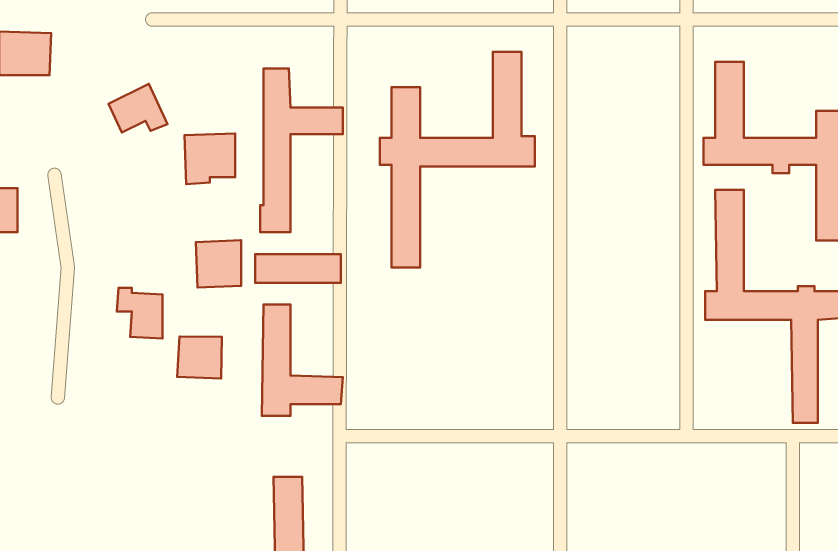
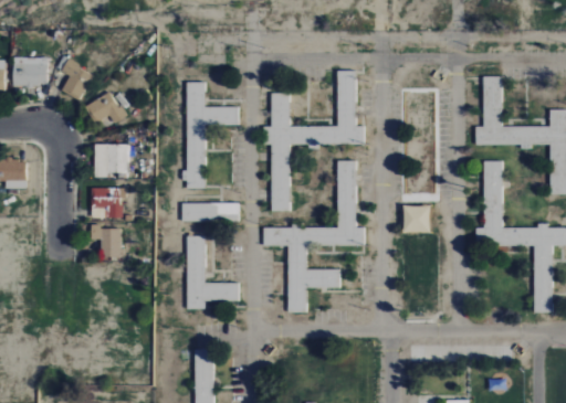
building: none -> [61,57,95,99]
building: [185,133,235,184] -> [94,144,127,177]
building: none -> [263,160,365,312]
building: [196,240,241,288] -> [91,187,120,218]
building: none -> [402,205,430,232]
building: [177,336,222,379] -> none

